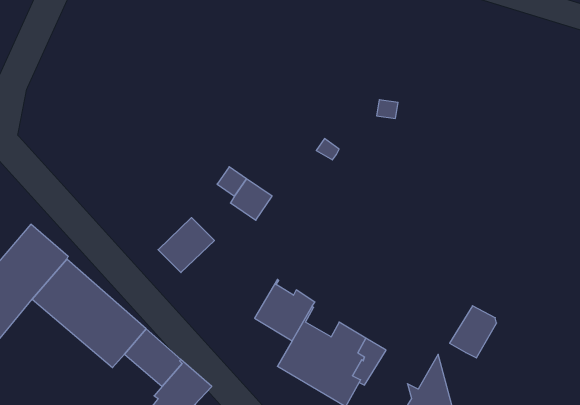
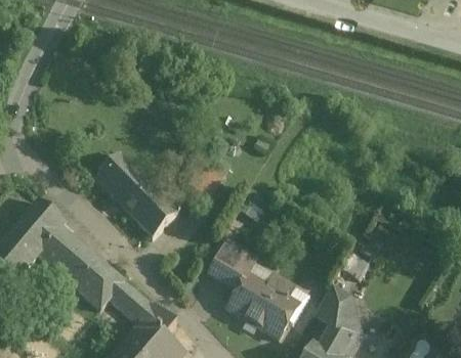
building: none -> [97,154,163,221]
building: [450,306,497,358] -> [316,287,351,327]

